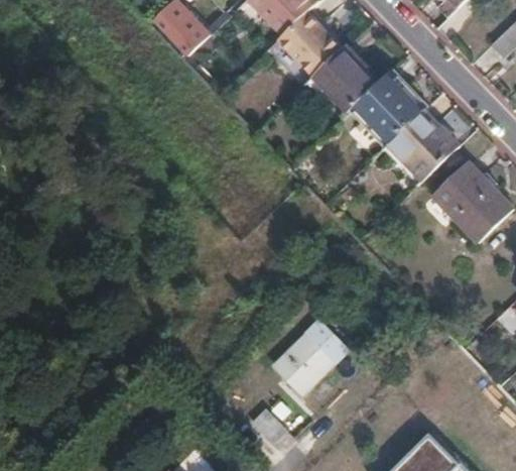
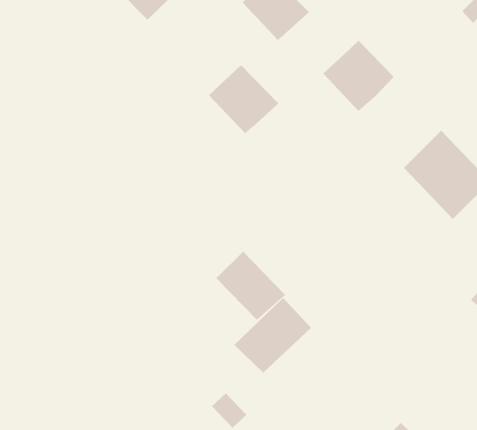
building: [312,46,380,113] -> [208,64,279,134]
building: [389,110,459,180] -> none
building: none -> [215,251,286,320]

